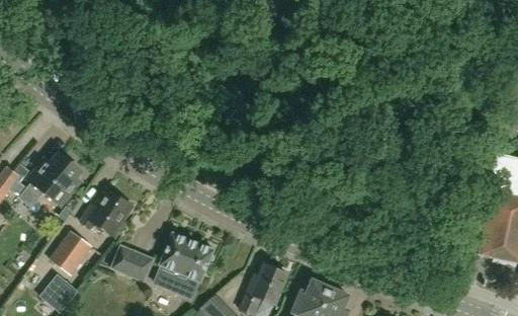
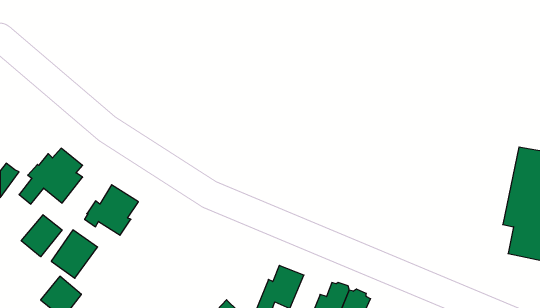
building: none -> [21,215,62,257]
building: [155,233,214,291] -> none
building: [111,246,153,283] -> none

